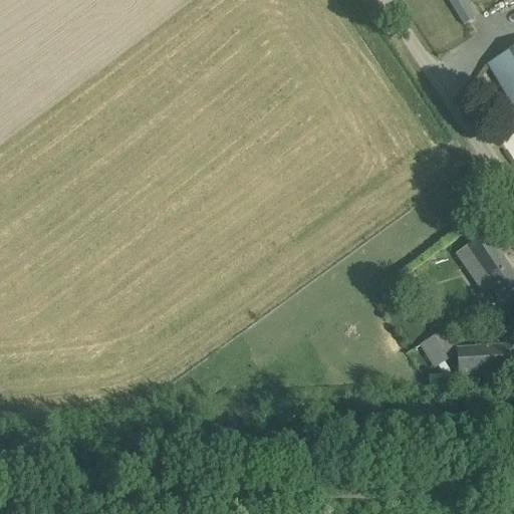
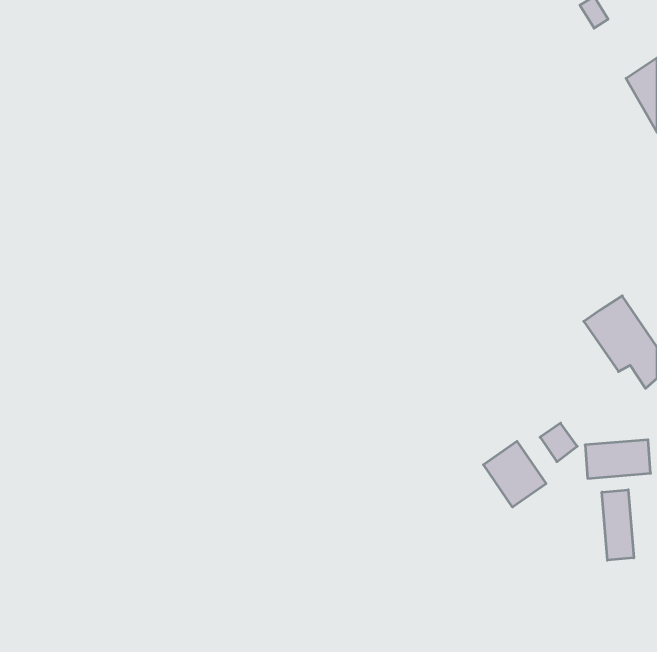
building: none -> [483,441,546,507]
building: none -> [602,490,634,560]

